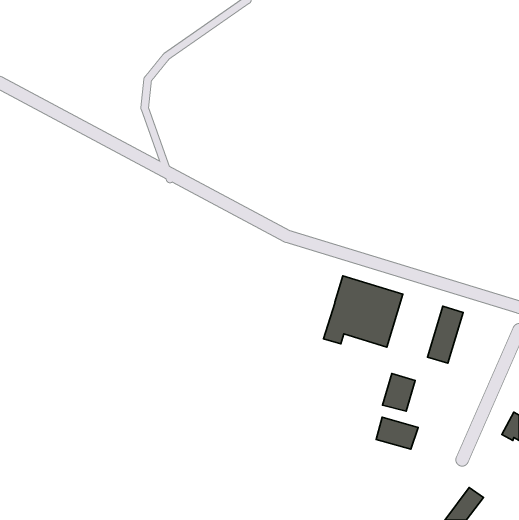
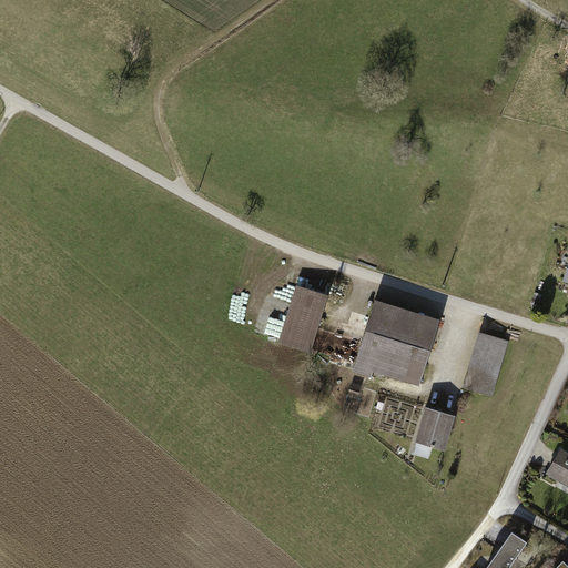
building: none -> [282,288,325,349]
building: [376,417,418,449] -> none

